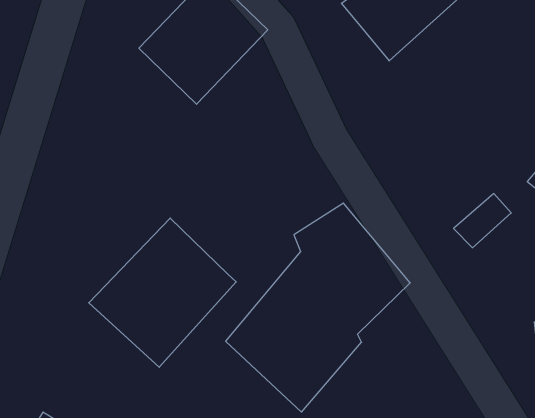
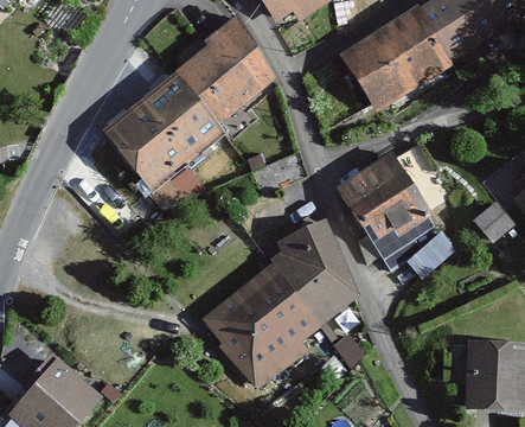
building: none -> [345,155,441,257]
building: [89,218,236,367] -> [96,71,218,191]

